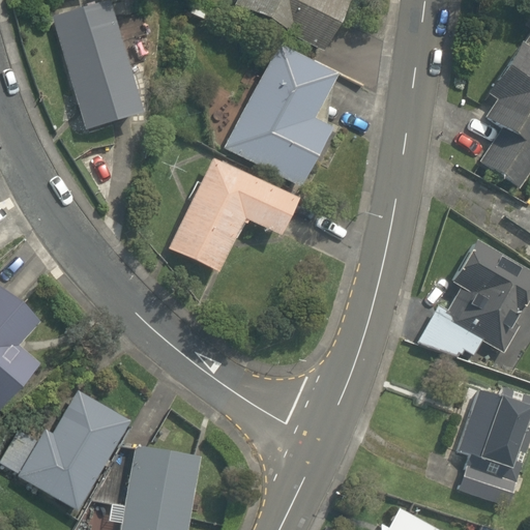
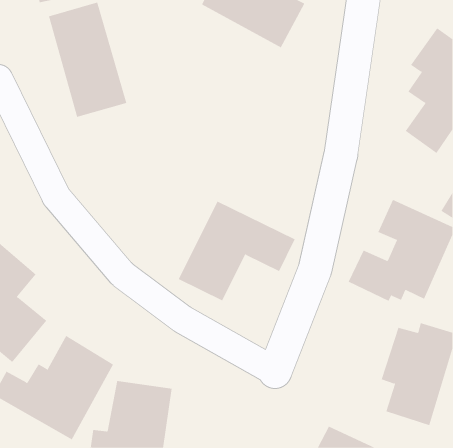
building: [228,46,348,188] -> none
building: [170,159,306,276] -> [178,201,295,301]

